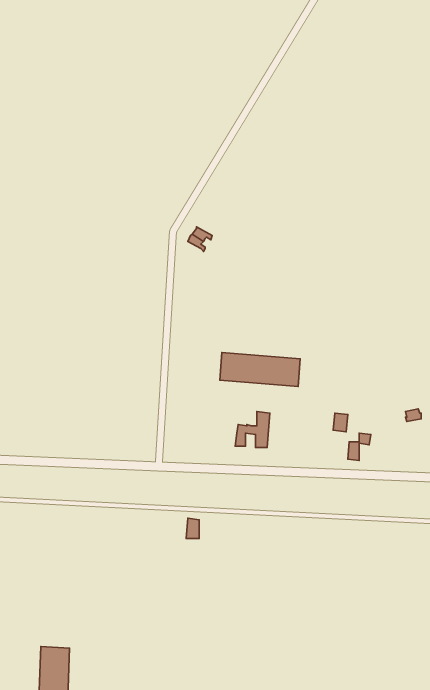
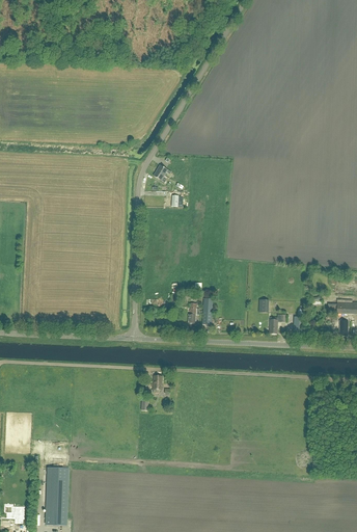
building: [220,352,300,387] -> none

